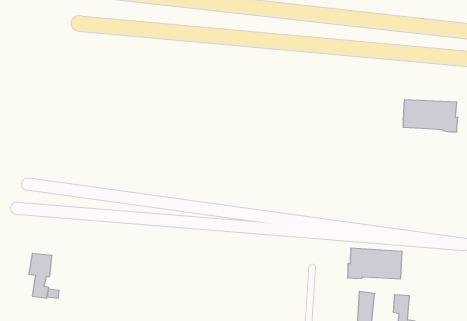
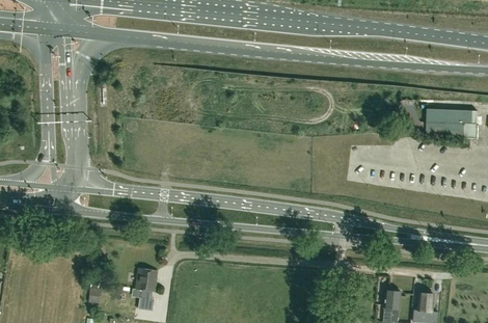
building: [348,248,402,279] -> none
building: [29,253,52,298] -> [134,267,156,309]

